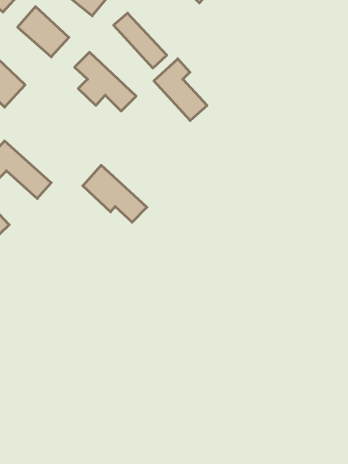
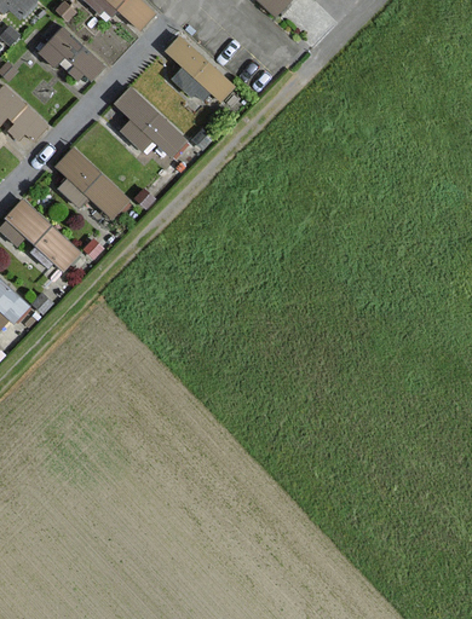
building: [154,59,207,121] -> none
building: [83,165,147,222] -> [48,145,132,219]

